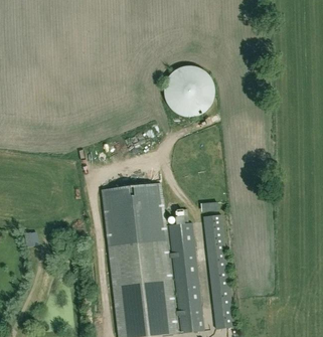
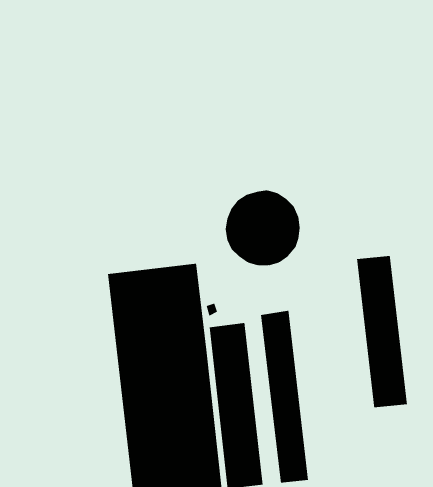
building: [165,68,215,119] -> [225,190,301,266]
building: none -> [356,255,407,408]

